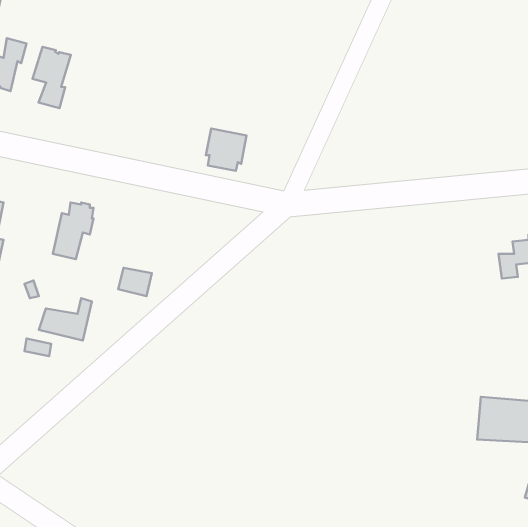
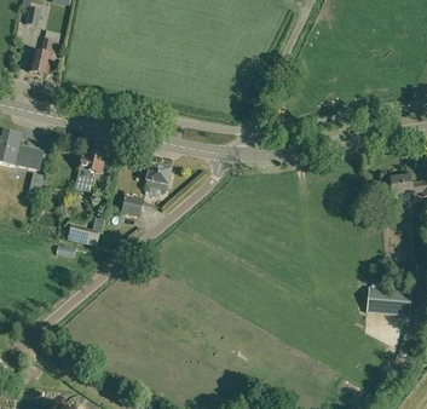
building: [33,47,71,108] -> none
building: [206,129,247,171] -> [144,162,172,191]

